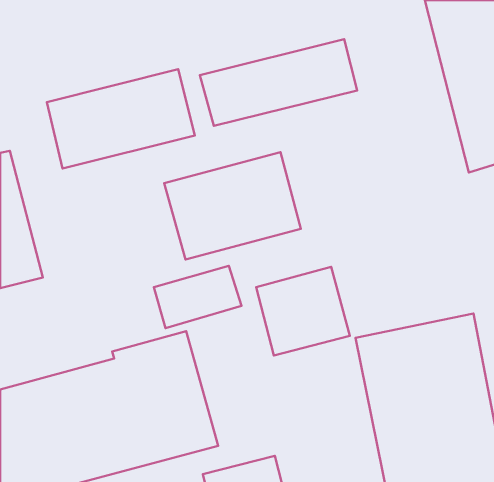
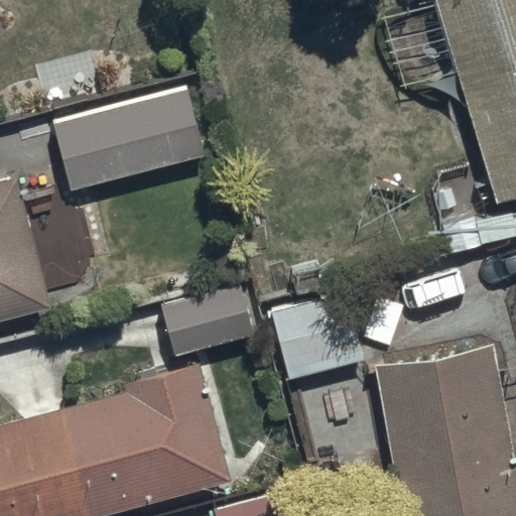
building: [200,39,357,126] -> none
building: [164,152,301,259] -> none

